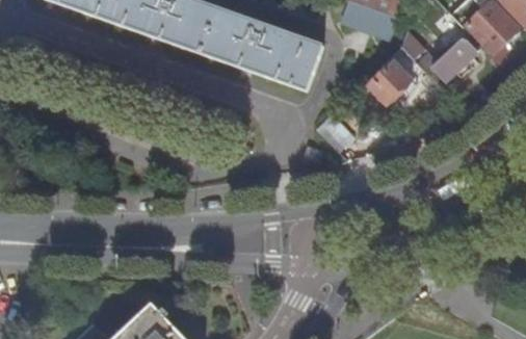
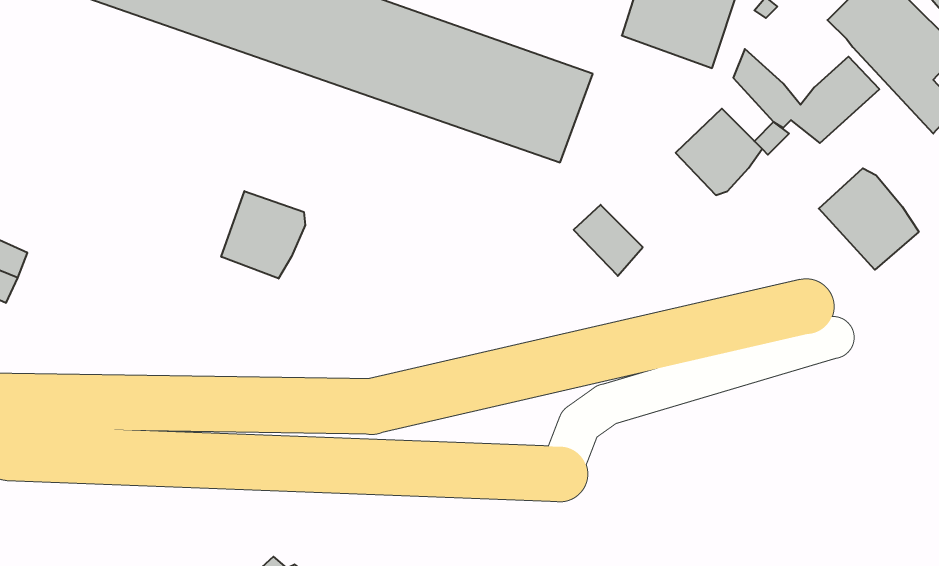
building: none -> [819,168,919,270]
building: none -> [221,191,305,279]

